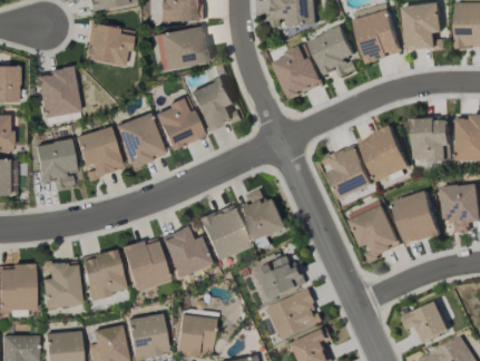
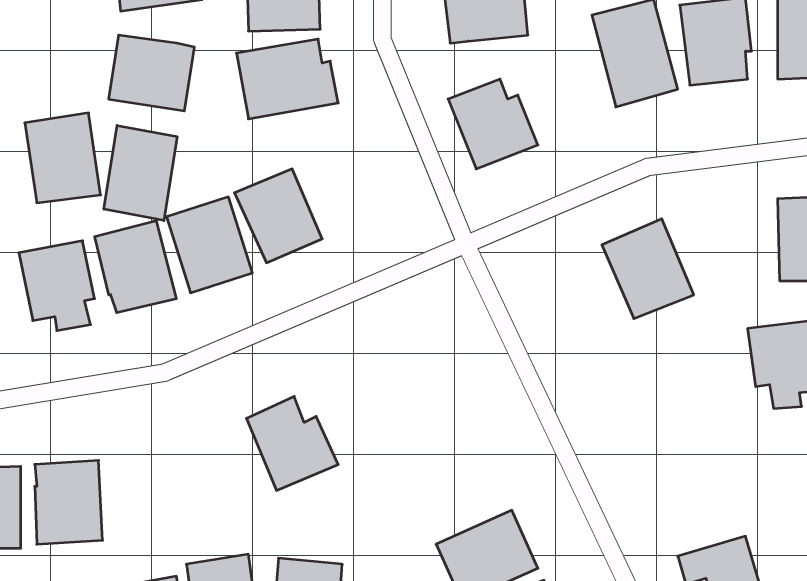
building: [310,26,357,77] -> none
building: none -> [104,125,177,221]
building: [192,77,242,133] -> none
building: [414,117,451,162] -> none
building: [323,145,373,199] -> none
building: [239,188,288,243] -> none
building: [393,191,441,245] -> none
building: [349,201,402,261] -> none
building: [199,204,251,260] -> none
building: [123,236,170,291] -> none
building: [81,250,126,301] -> none
building: [257,255,307,300] -> none

